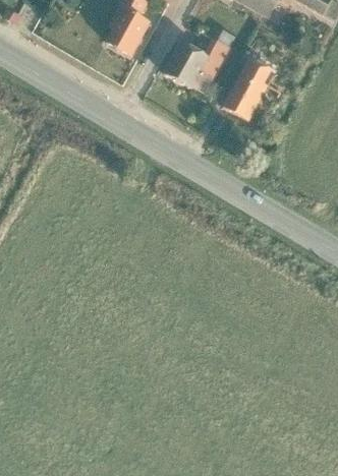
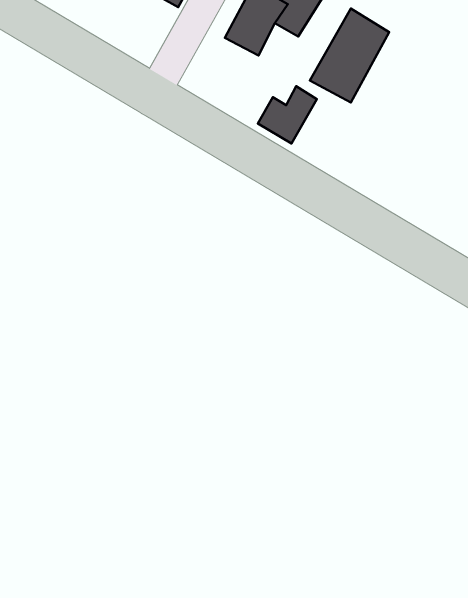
building: none -> [258,86,317,144]

